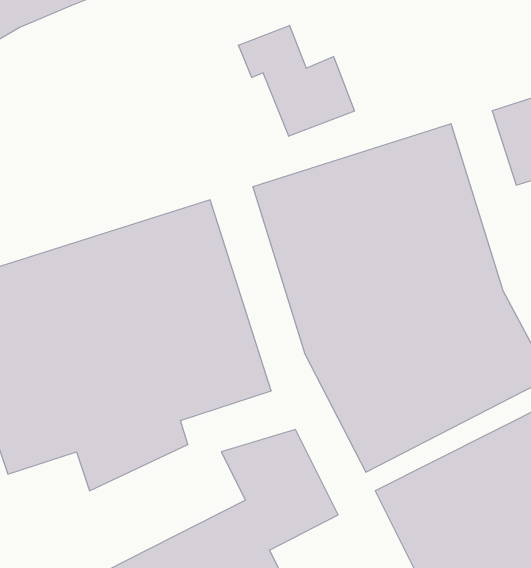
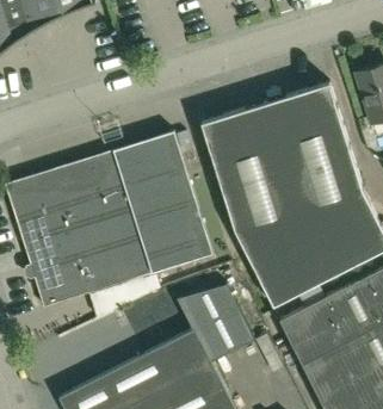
building: [238,25,355,136] -> none

